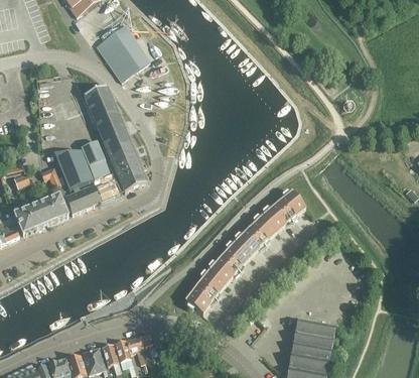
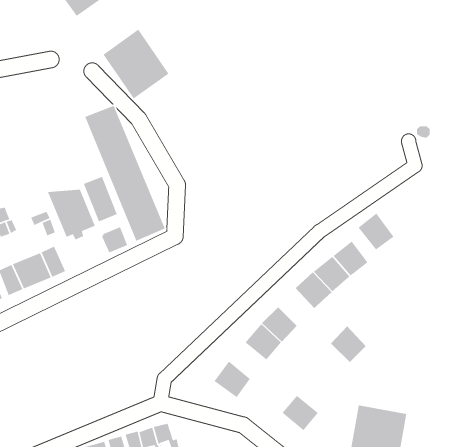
building: none -> [357,213,395,251]
building: [64,183,102,214] -> none
building: [234,228,262,257] -> [330,326,366,363]
building: [195,270,225,298] -> [281,395,319,431]

